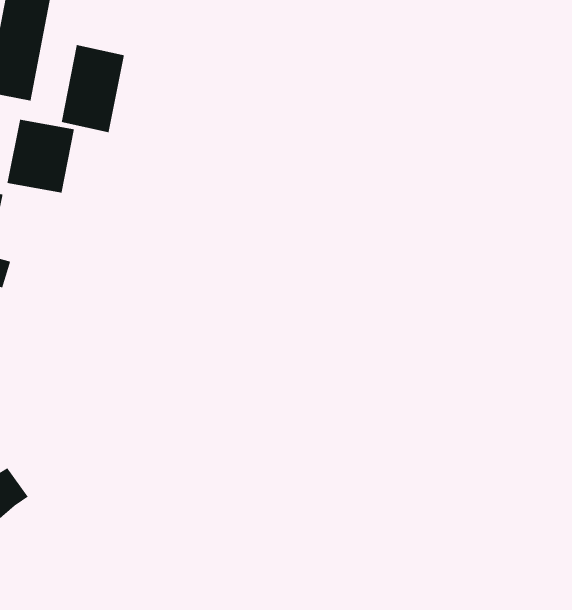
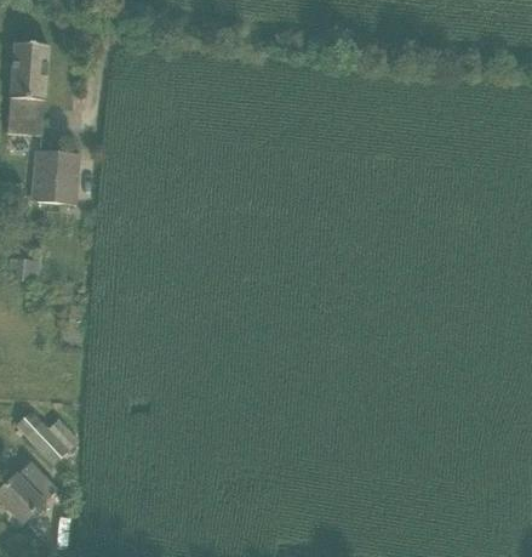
building: [61,44,125,133] -> none

